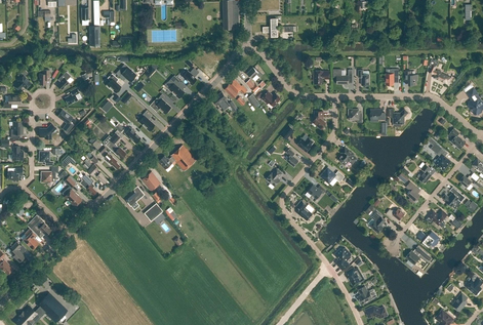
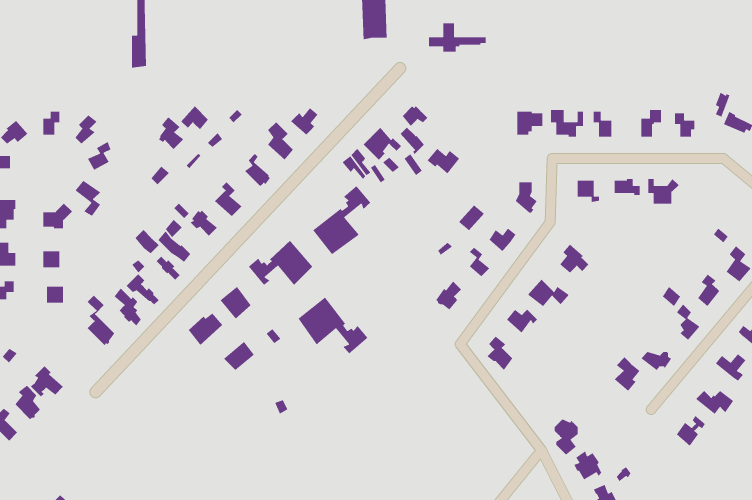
building: none -> [312,185,371,255]
building: none -> [297,297,369,354]

